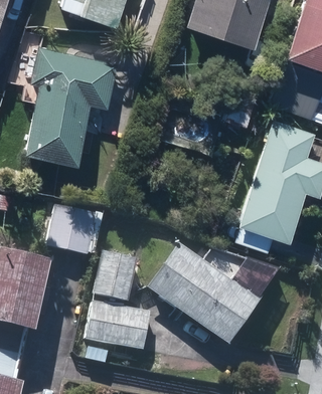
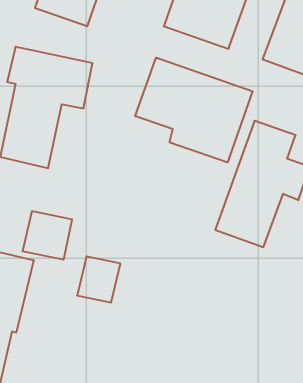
building: none -> [135,58,253,162]
building: [154,245,265,344] -> none
building: [93,302,155,349] -> none

